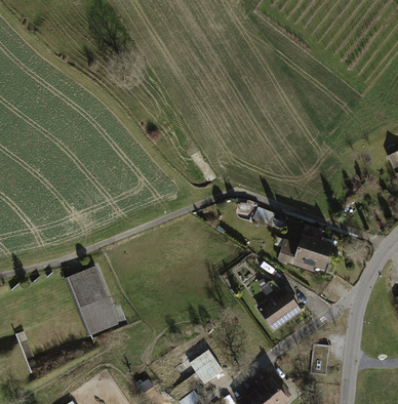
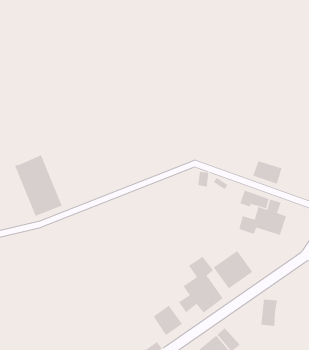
building: none -> [253,160,282,184]
building: [64,266,118,335] -> [14,155,63,217]
building: none -> [178,256,224,313]

